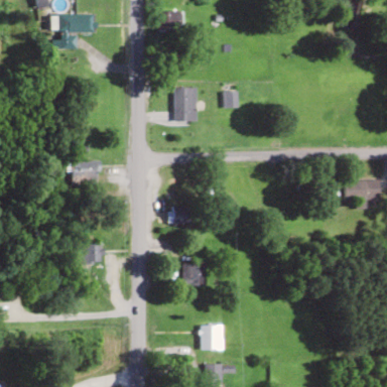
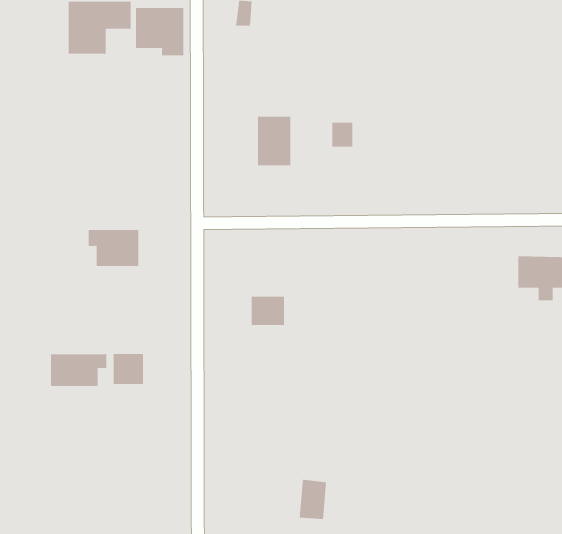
building: none -> [135,7,184,56]
building: none -> [50,354,107,387]
building: [181,262,200,285] -> none

